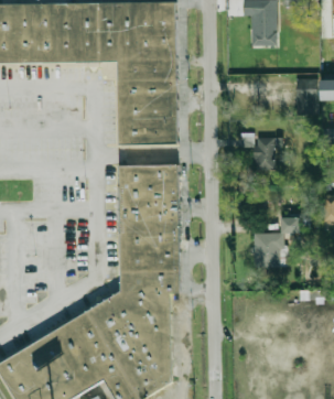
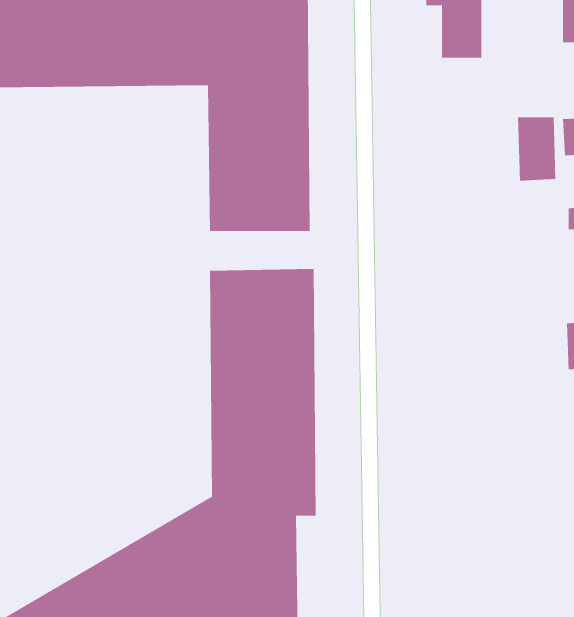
building: [243,137,274,169] -> none
building: [252,216,298,267] -> none

